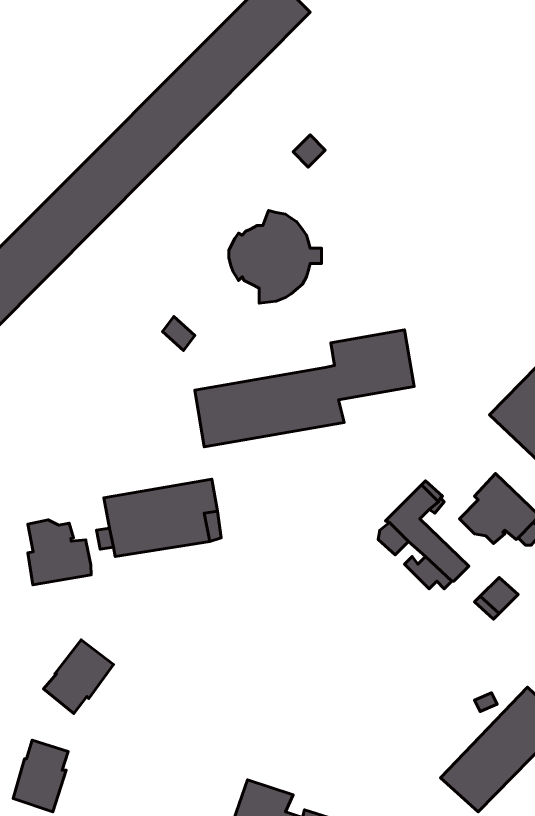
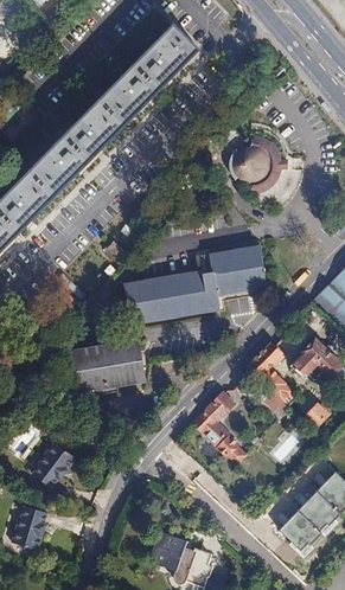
building: [229,211,322,303] -> [229,135,287,193]
building: [28,520,91,585] -> none
building: none -> [191,391,245,466]

